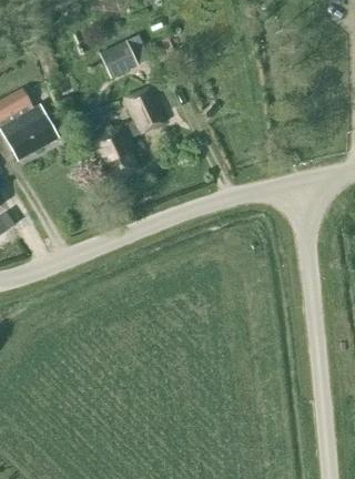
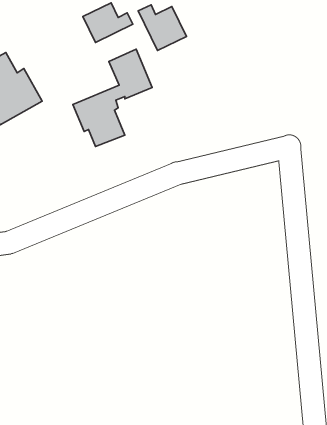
building: none -> [138,5,186,51]

